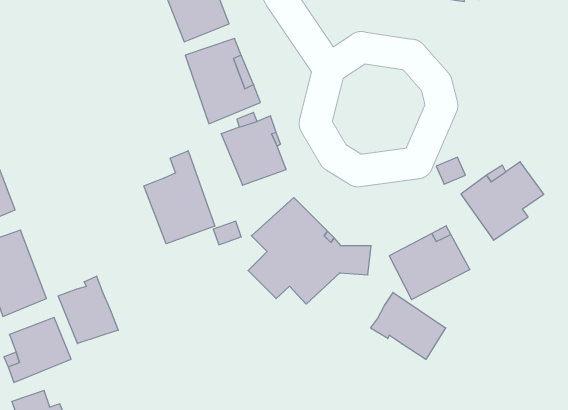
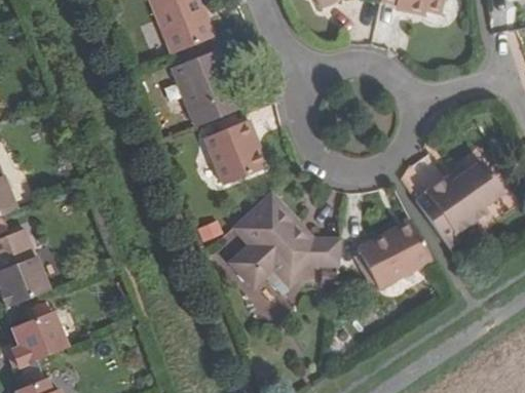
building: [144,151,215,244] -> none
building: [58,276,118,344] -> none
building: [371,292,446,359] -> none

